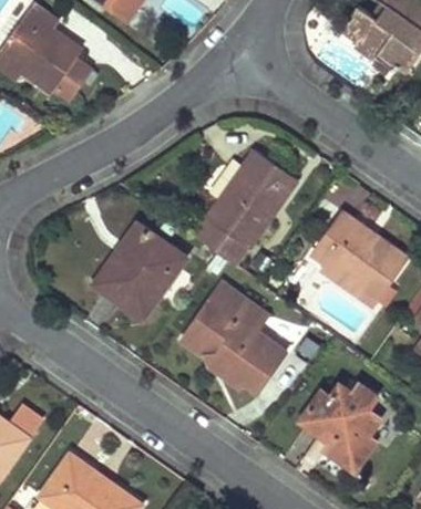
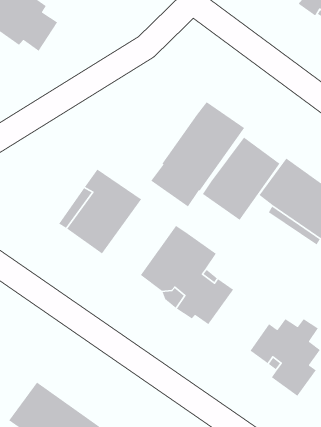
building: none -> [202,137,281,221]

